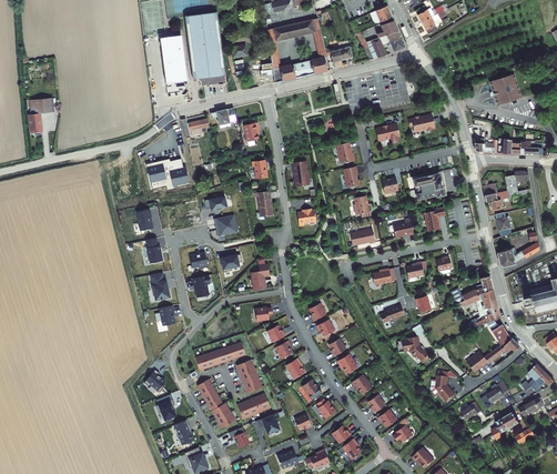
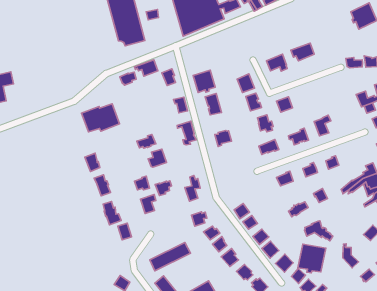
building: [161,36,189,95] -> none
building: none -> [193,70,215,92]
building: [413,171,447,199] -> none
building: [236,360,263,393] -> none
building: none -> [298,244,326,273]

